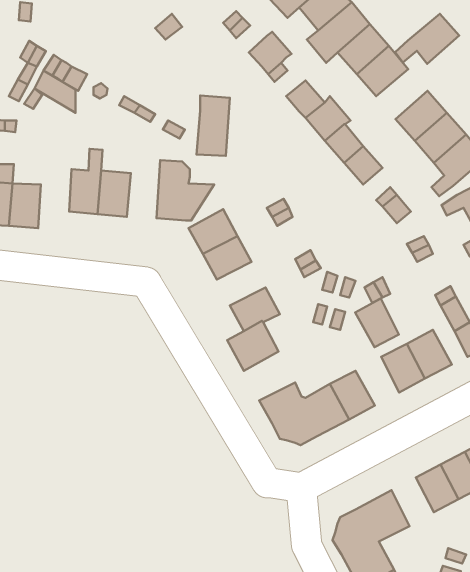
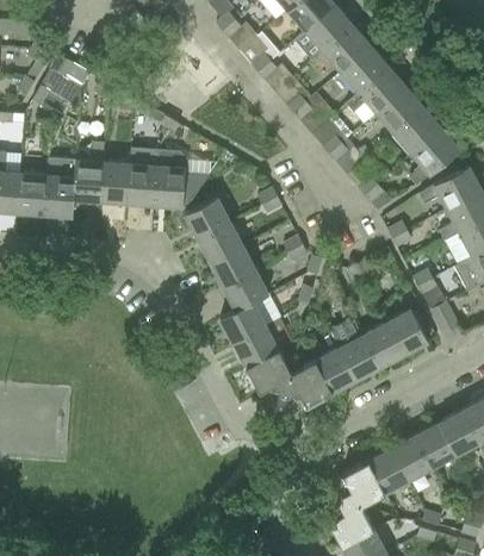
building: [395,14,459,64] -> [347,68,407,114]
building: [196,95,230,156] -> [128,150,159,206]
building: none -> [45,156,76,218]
building: none -> [211,246,256,287]
building: [355,298,399,347] -> [340,335,380,380]
building: none -> [236,330,284,375]
building: none -> [373,446,412,492]

